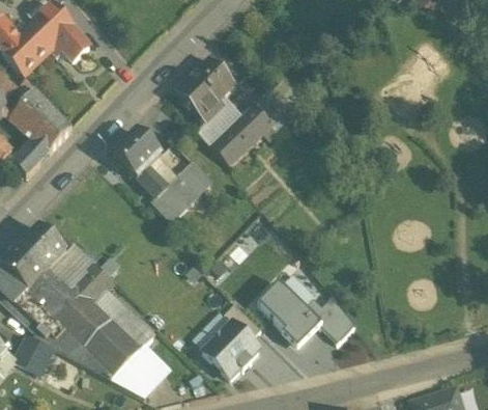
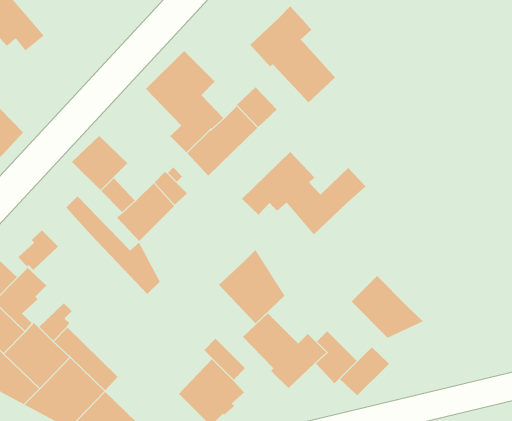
building: none -> [249,5,336,103]
building: none -> [241,151,366,235]
building: none -> [65,195,160,295]
building: none -> [218,249,285,324]
building: none -> [351,275,424,338]
building: [69,258,105,294] -> [18,229,59,271]
building: none -> [339,347,390,396]

